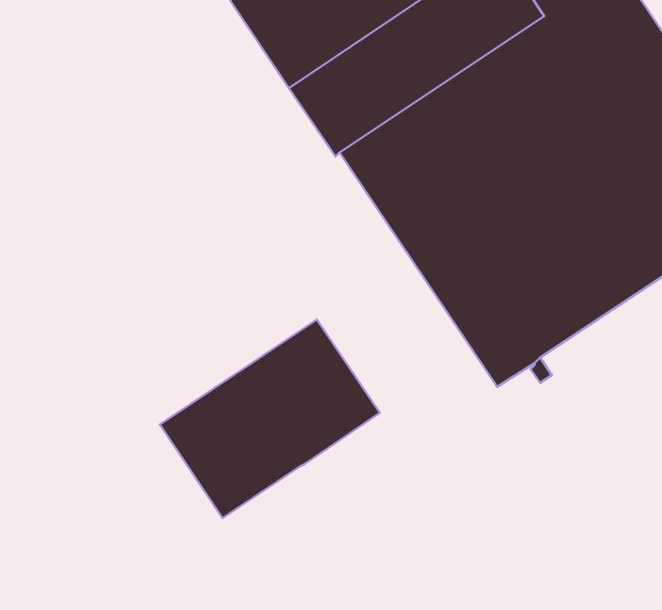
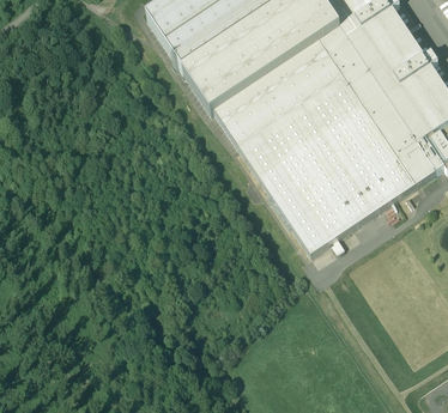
building: [160,319,380,518] -> none

